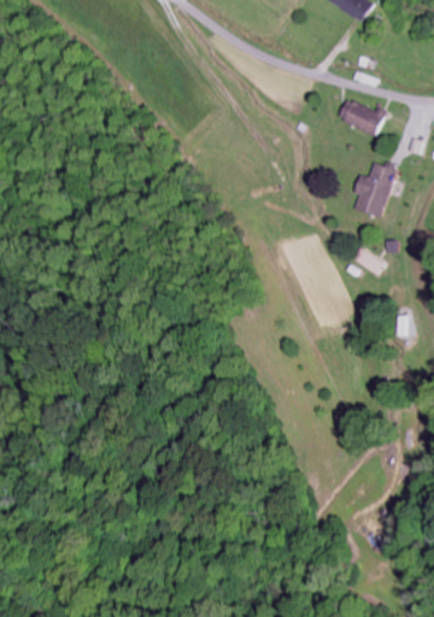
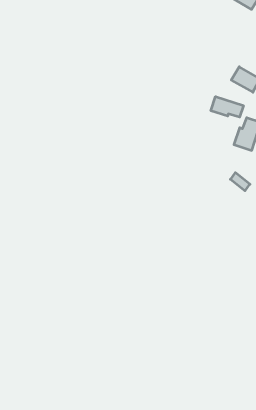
building: none -> [211,97,243,117]

